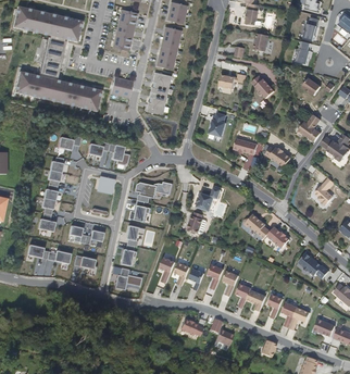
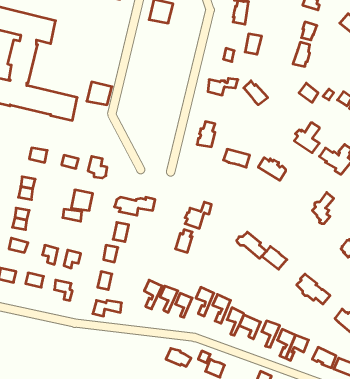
building: [112,10,138,51] -> none
building: [155,27,182,70] -> none
building: [146,73,171,115] -> none

